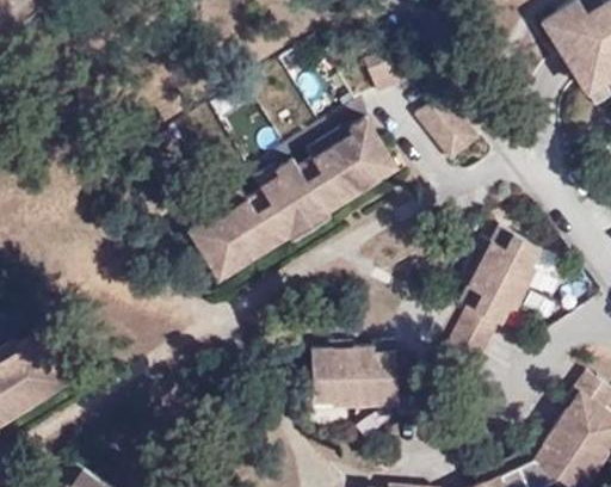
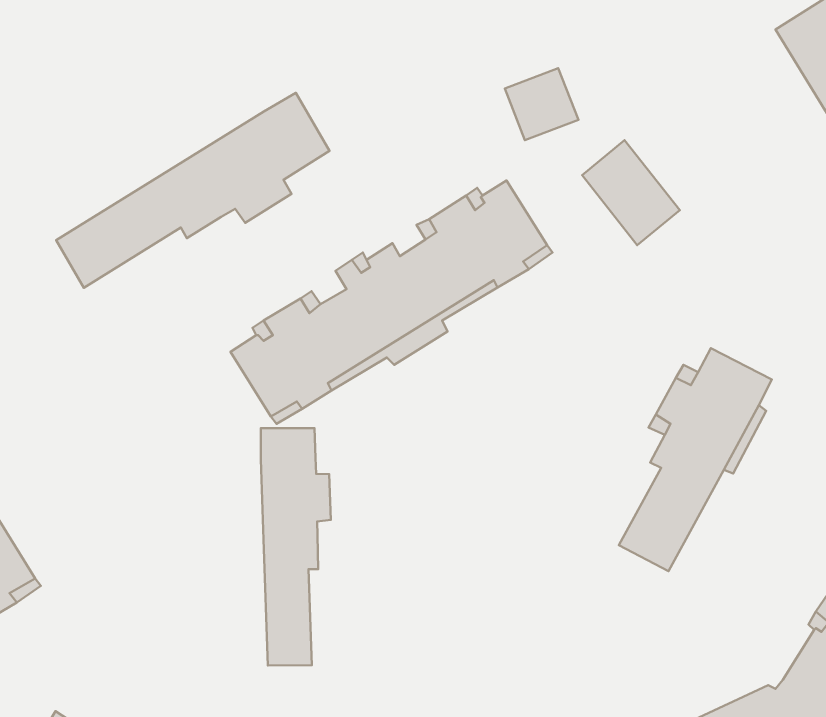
building: none -> [56,93,330,288]
building: none -> [261,428,331,666]
building: [310,341,434,417] -> none

